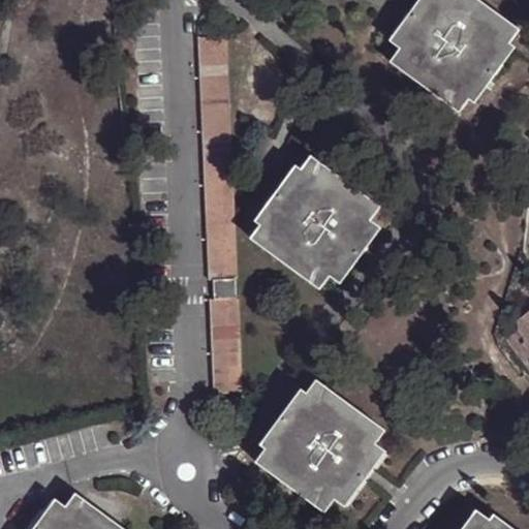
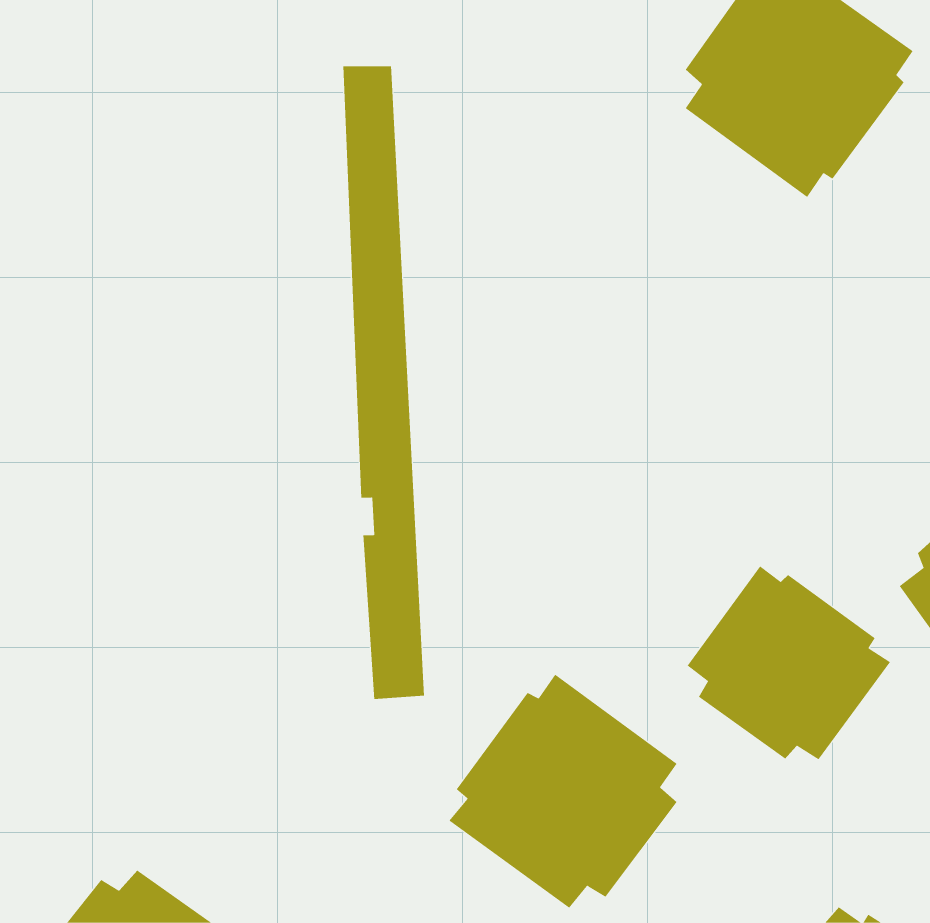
building: [250,156,379,290] -> none
building: none -> [687,565,891,760]

